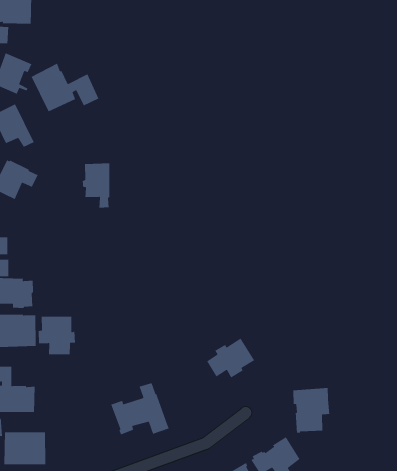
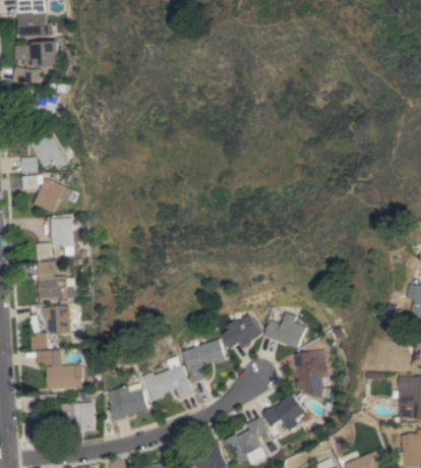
building: [30,63,100,112] -> none
building: [82,163,110,209] -> [49,218,73,256]
building: [38,316,76,355] -> none
building: none -> [263,312,305,348]
building: none -> [183,340,227,383]
building: none -> [109,384,148,421]

